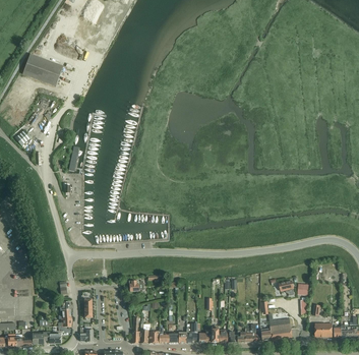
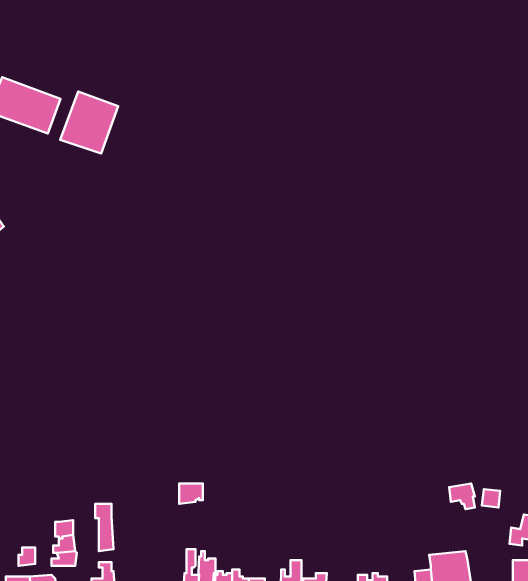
building: none -> [60,92,118,154]

